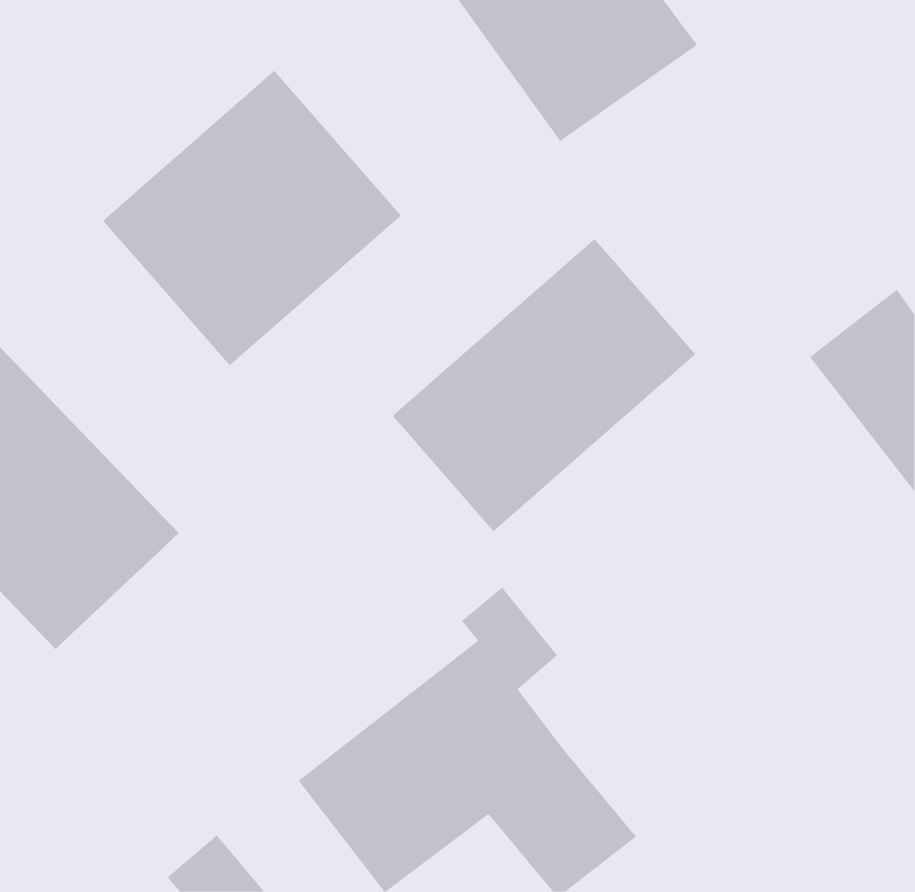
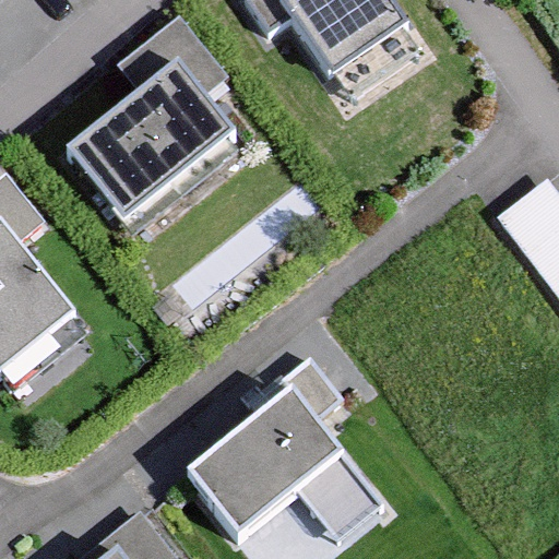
building: [392,238,696,532] -> none

